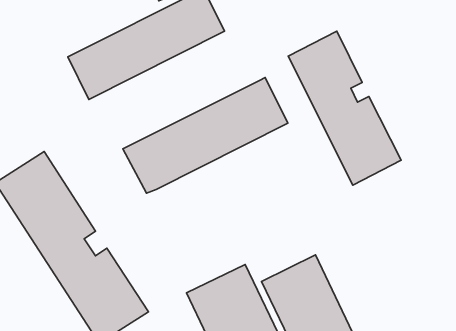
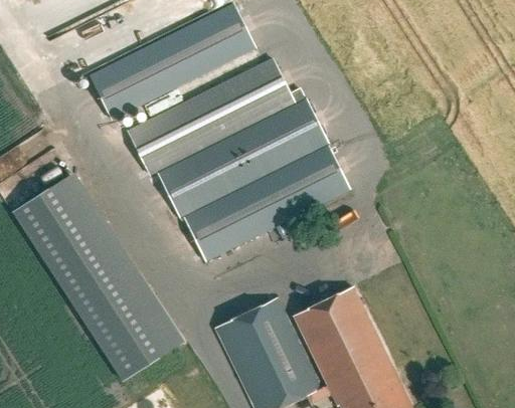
building: [288,31,401,185] -> none
building: none -> [128,57,294,173]
building: none -> [184,144,351,260]

